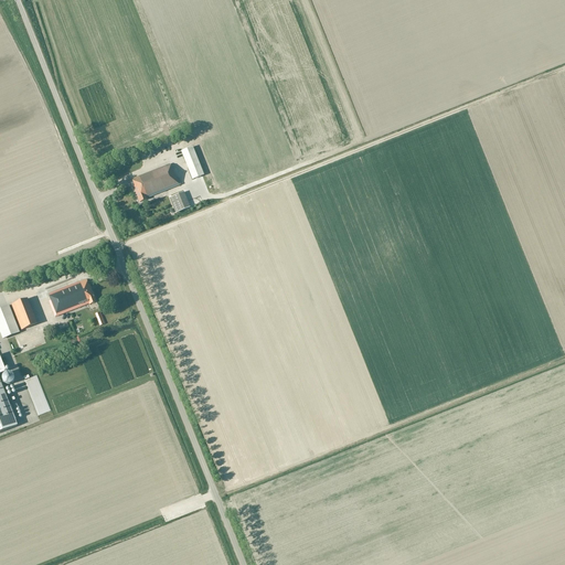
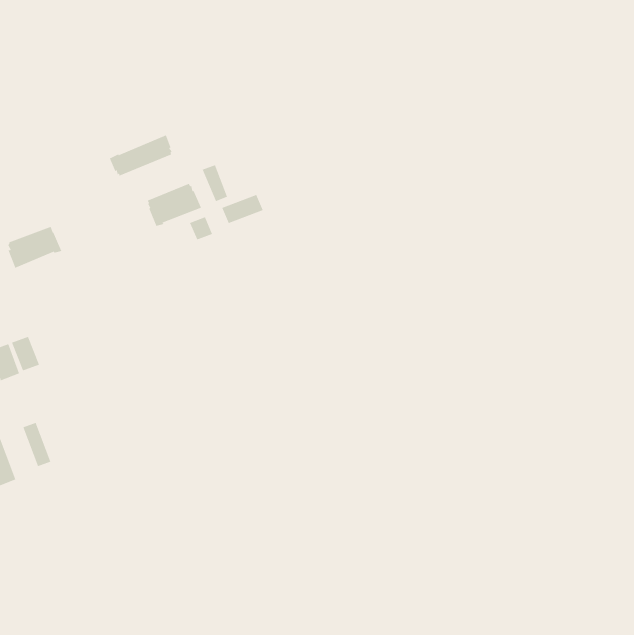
building: none -> [109,134,172,176]
building: none -> [221,194,263,224]
building: [46,279,95,317] -> [7,226,62,268]

